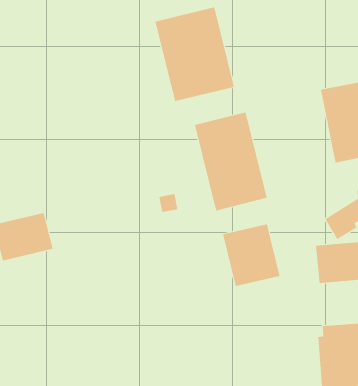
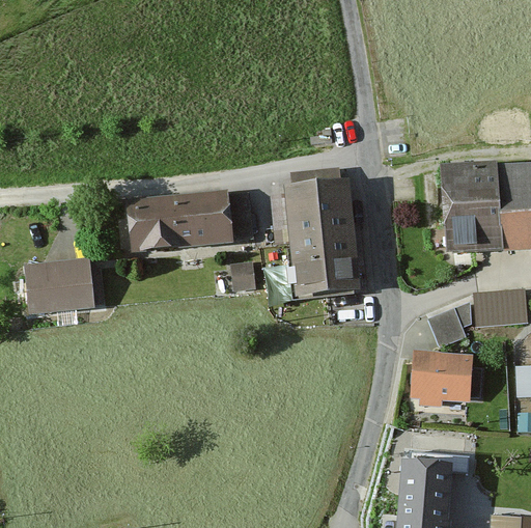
building: [155,7,235,102] -> none
building: none -> [128,191,235,262]
building: [222,223,280,287] -> none

